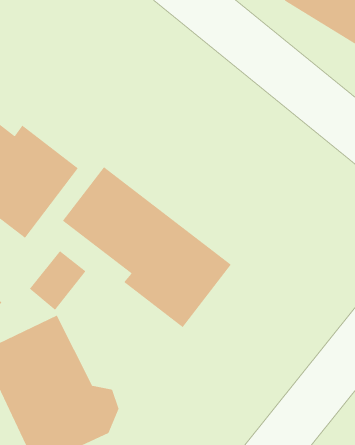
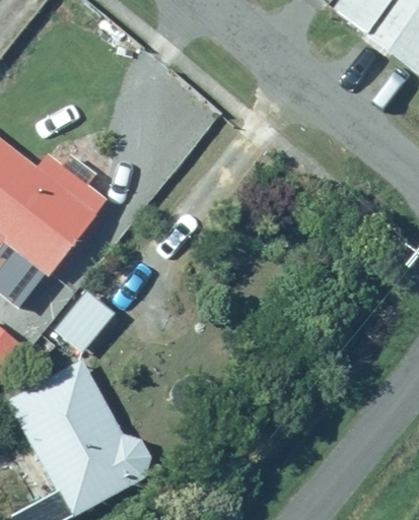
building: [62,166,232,328] -> none

